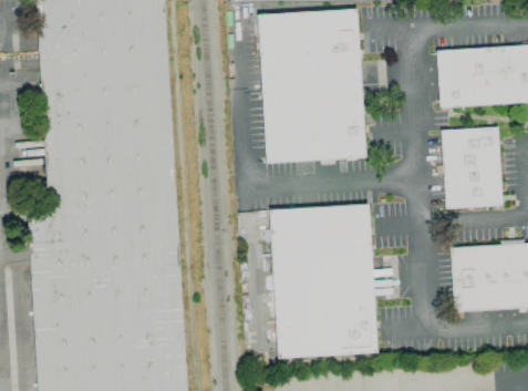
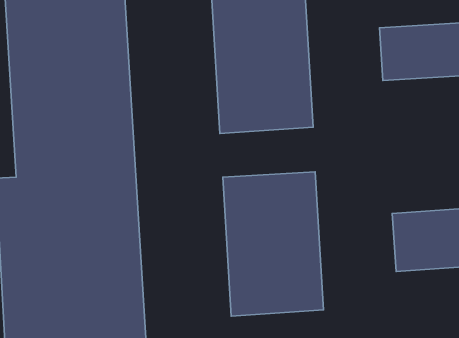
building: [442,126,503,208] -> none

